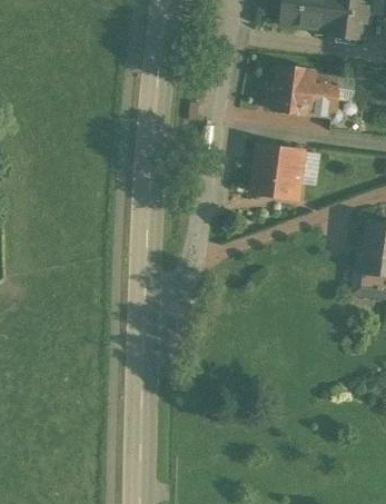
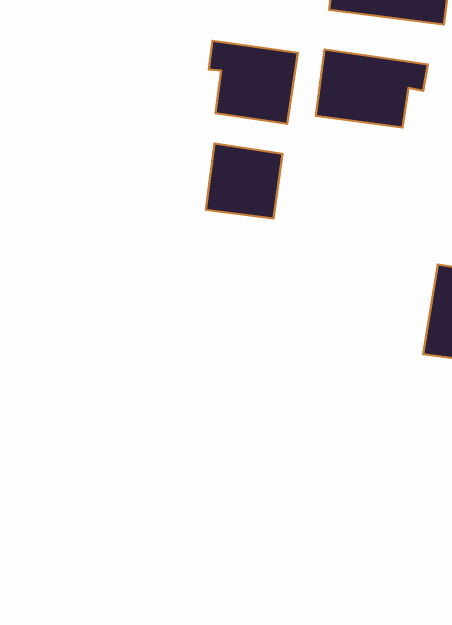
building: none -> [209,41,298,124]
building: [248,144,306,200] -> [206,144,282,219]

